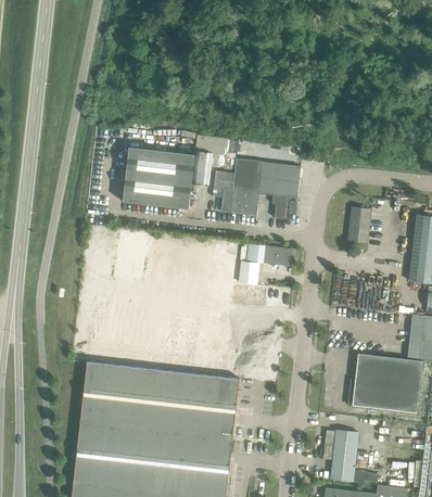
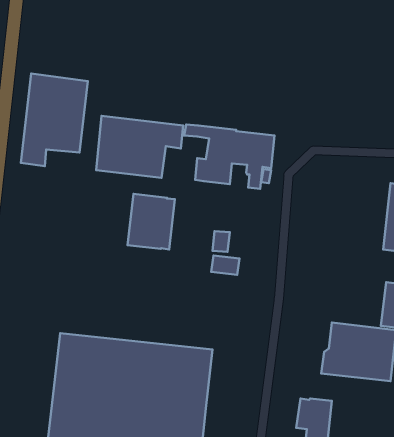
building: none -> [21,73,88,166]
building: [347,208,369,241] -> none
building: none -> [127,194,175,250]
building: [263,245,291,265] -> [211,255,239,275]

